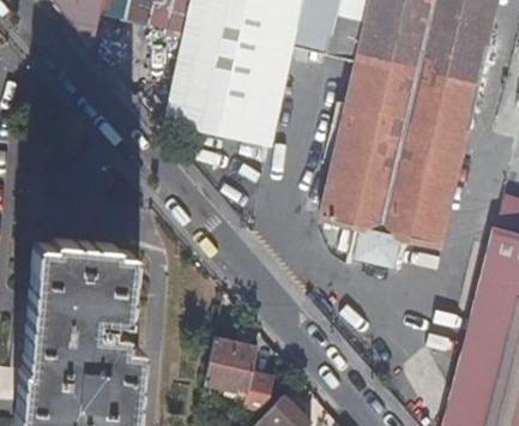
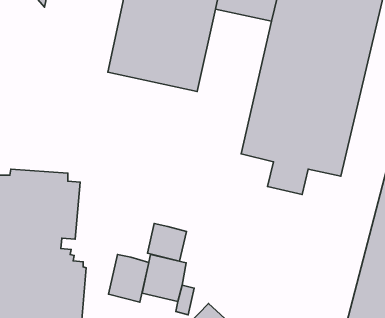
building: none -> [147,224,186,261]
building: none -> [108,255,149,302]

